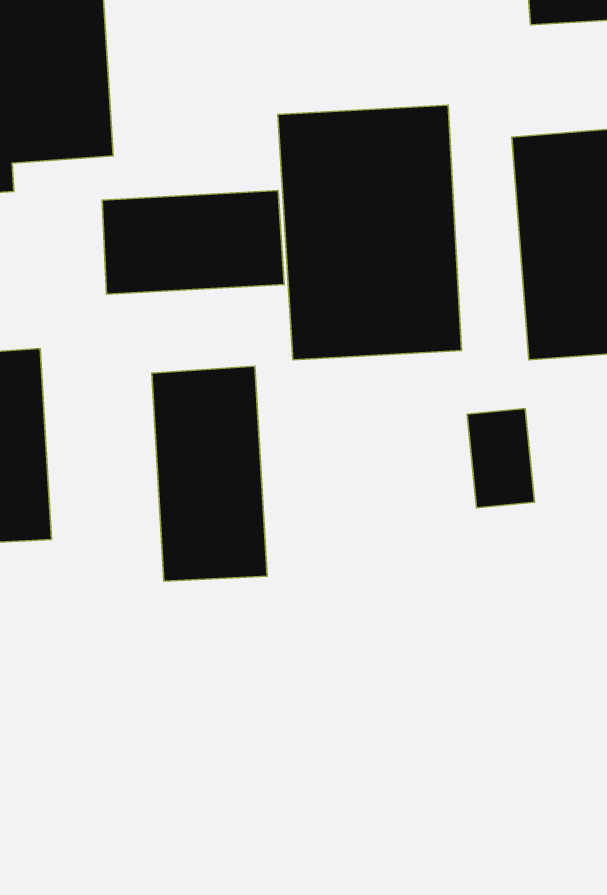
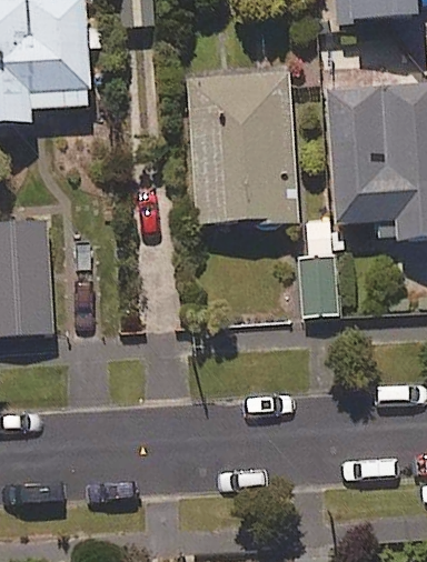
building: [102,191,284,294] -> none
building: [152,366,267,581] -> none

